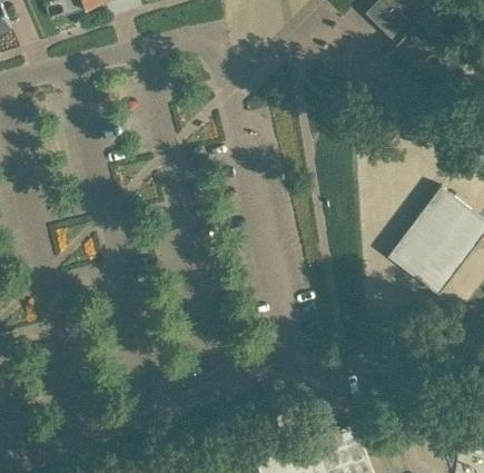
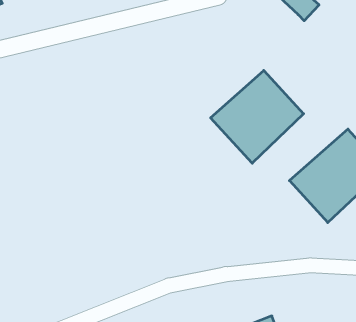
building: none -> [211,70,304,163]

